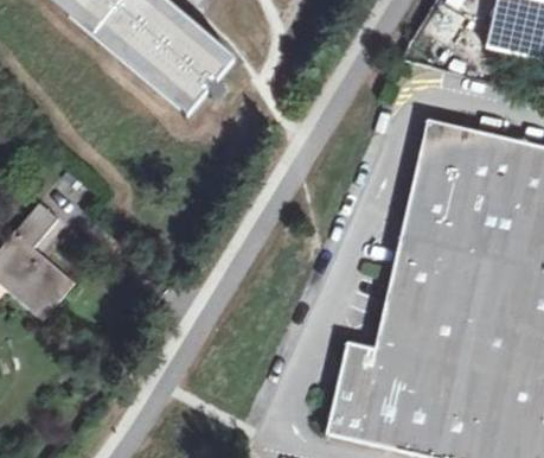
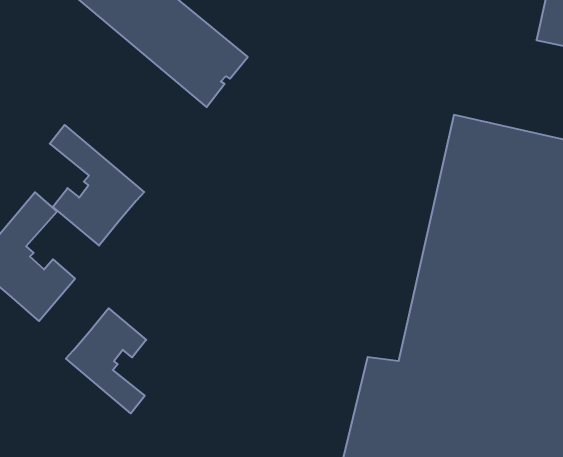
building: none -> [50,125,144,246]
building: none -> [66,308,146,413]

